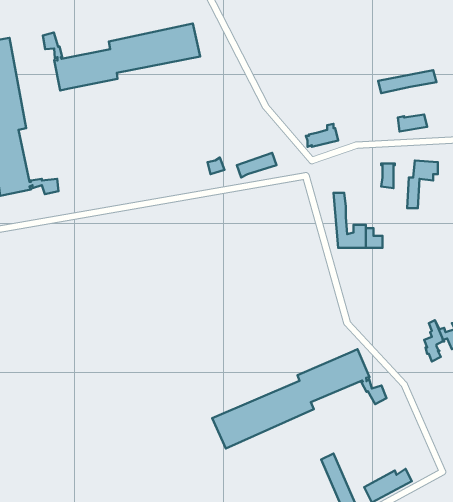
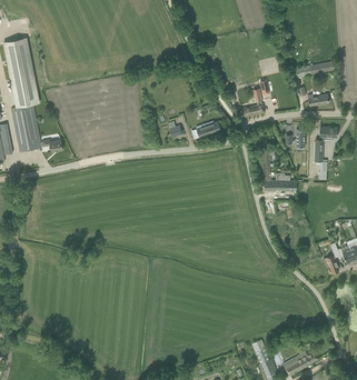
building: [43,24,200,90] -> none
building: [212,349,387,448] -> none

